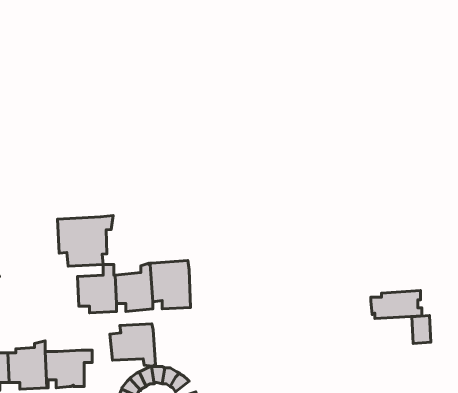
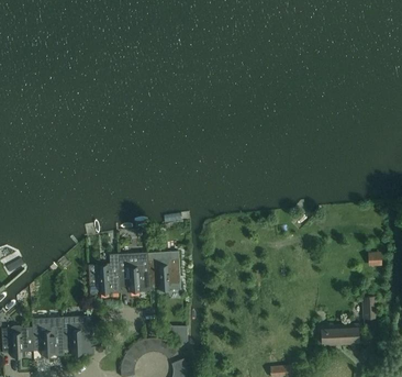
building: [58,216,113,266] -> none
building: [371,290,422,319] -> [320,323,361,346]
building: [110,324,156,366] -> none

